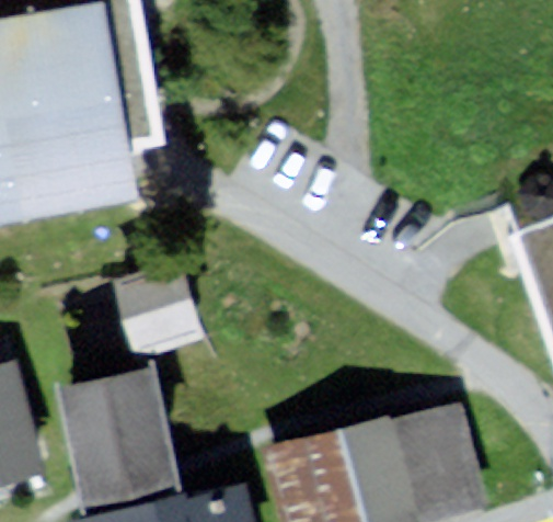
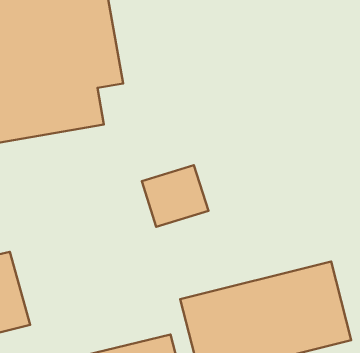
building: [107,277,198,362] -> [142,165,208,227]
building: [49,371,172,507] -> none

